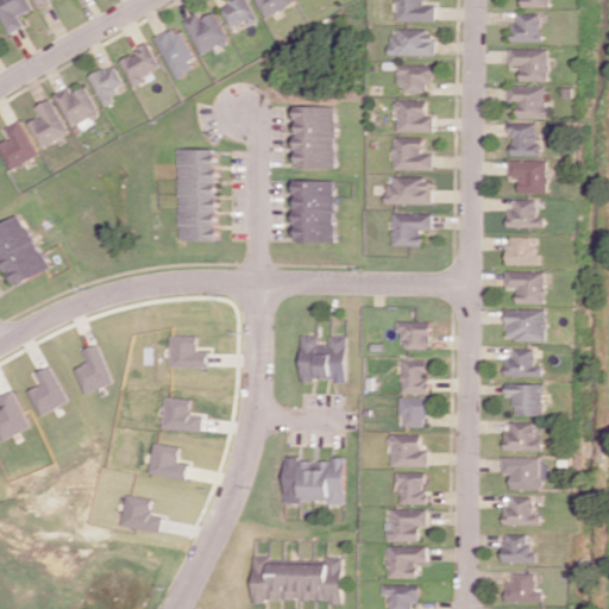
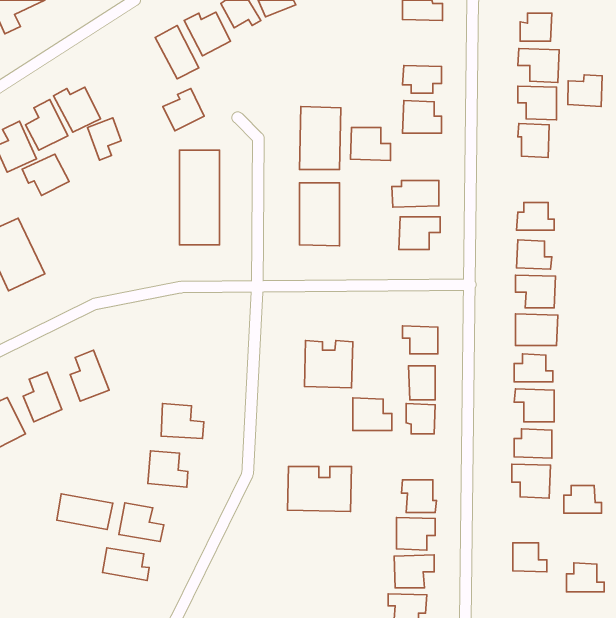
building: [388,31,434,55] -> none
building: [118,43,158,84] -> [163,88,204,131]
building: [88,65,121,107] -> [87,118,121,160]
building: none -> [568,75,602,106]
building: [393,138,432,170] -> [350,128,390,160]
building: none -> [22,154,69,195]
building: [509,161,547,194] -> none
building: [165,335,205,368] -> none
building: [390,434,428,466] -> [353,398,392,431]
building: none -> [57,494,113,529]
building: [503,497,540,525] -> [564,485,601,513]
building: none -> [102,548,149,581]
building: [252,559,343,601] -> none
building: [506,572,542,601] -> [566,563,604,592]

